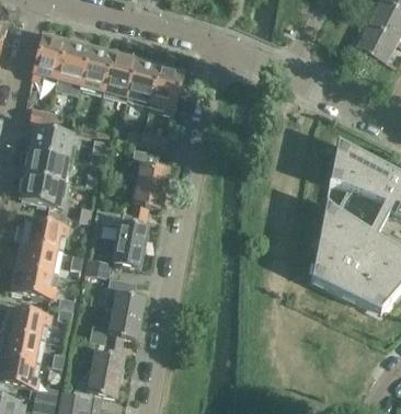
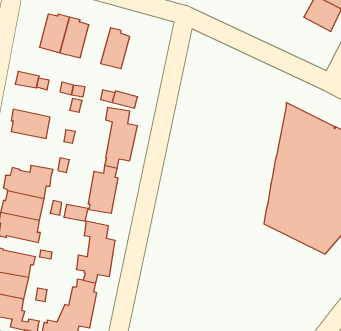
building: [31,36,67,81] -> none
building: [103,55,137,99] -> none
building: [148,65,184,115] -> none
building: [27,127,80,159] -> none
building: [20,175,70,207] -> none

